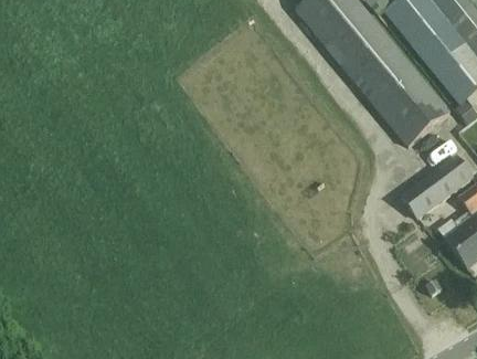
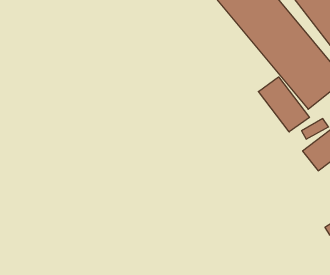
building: none -> [258,77,309,132]

